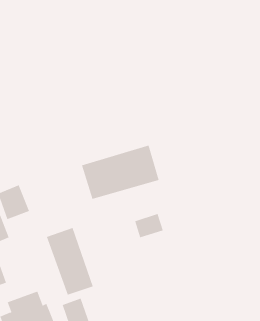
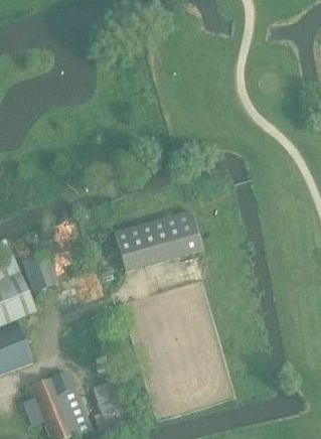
building: [135,213,163,238] -> none
building: [46,227,94,296] -> none

